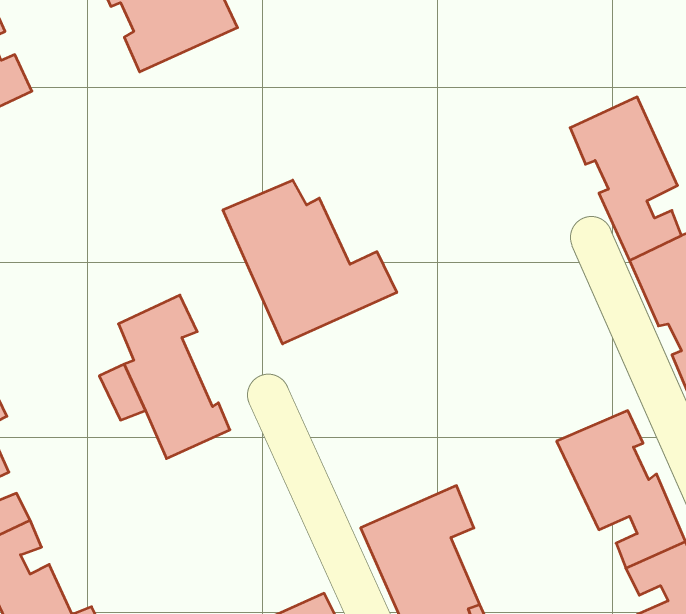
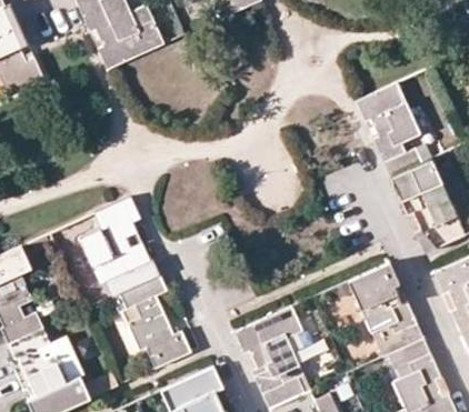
building: [223,180,397,344] -> none
building: none -> [120,274,190,368]

